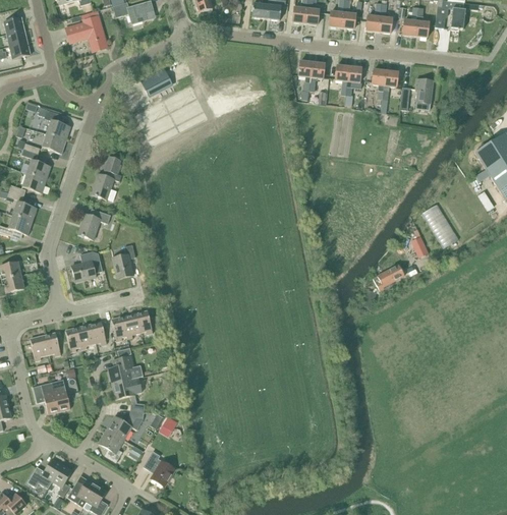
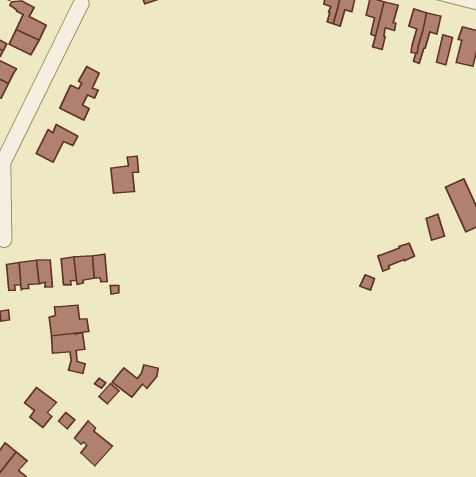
building: [111,244,134,278] -> [111,156,139,193]
building: [71,252,102,282] -> none
building: [106,410,143,439] -> [112,365,158,397]

